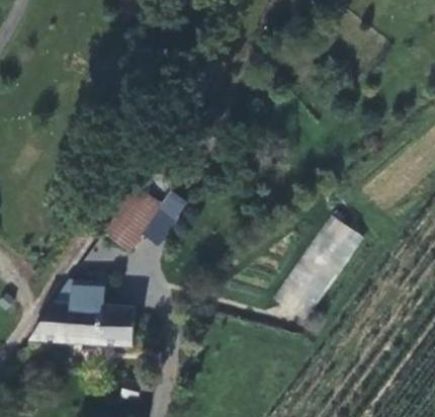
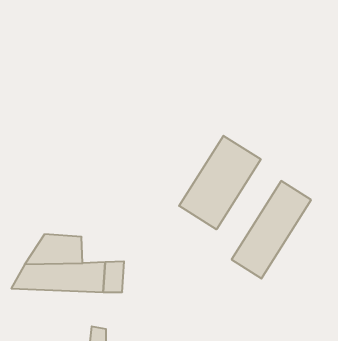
building: none -> [179,136,261,229]
building: [100,187,160,252] -> none

